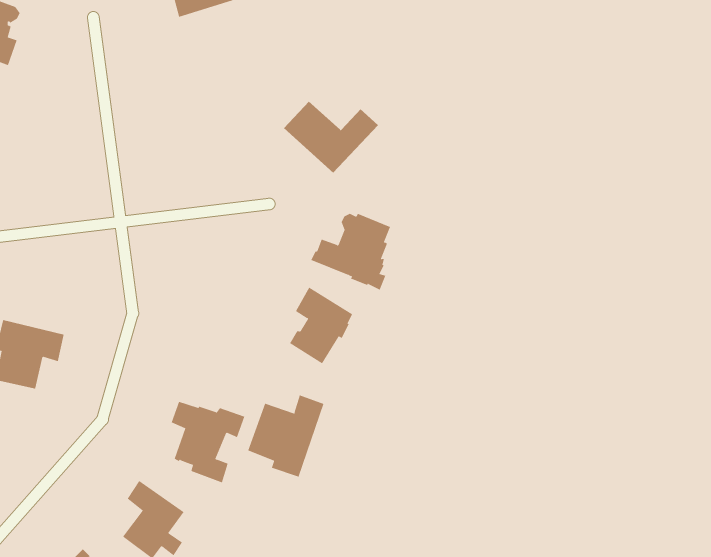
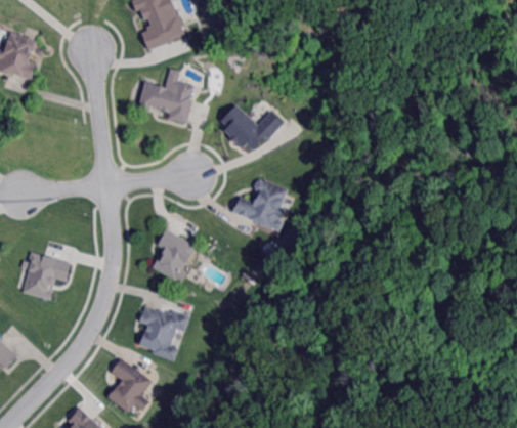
building: none -> [140,69,193,123]
building: [289,287,353,364] -> [153,228,196,281]
building: [248,394,324,478] -> none

